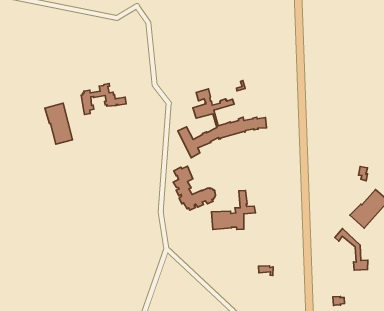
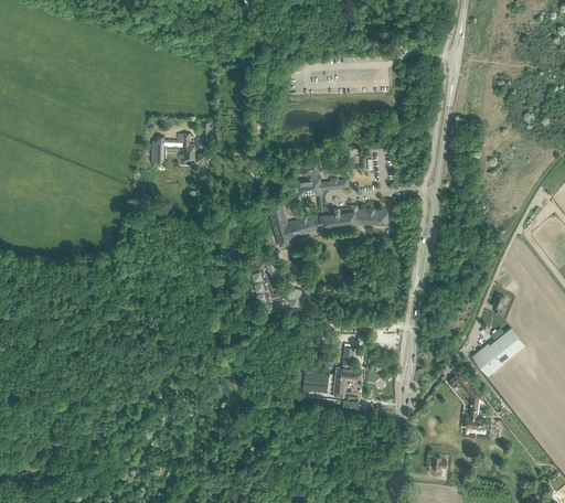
building: [45,103,73,144] -> none
building: [212,190,255,230] -> [302,347,361,398]

